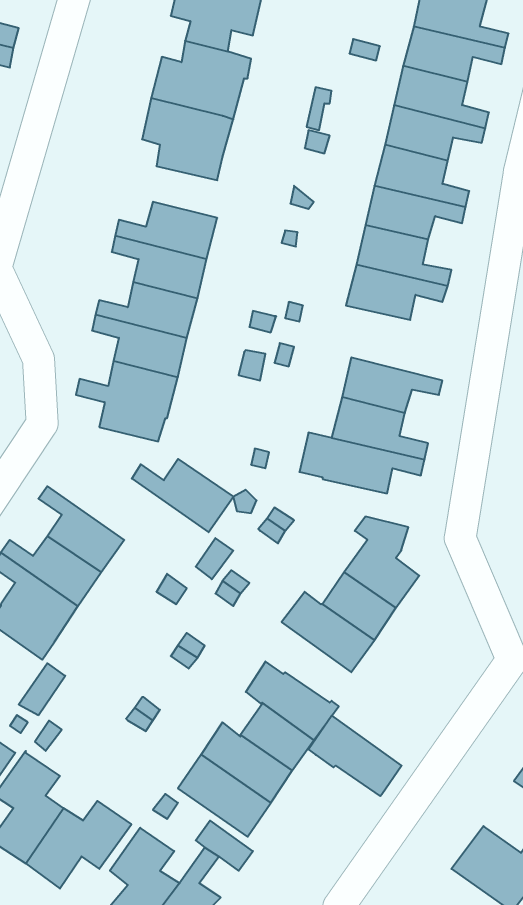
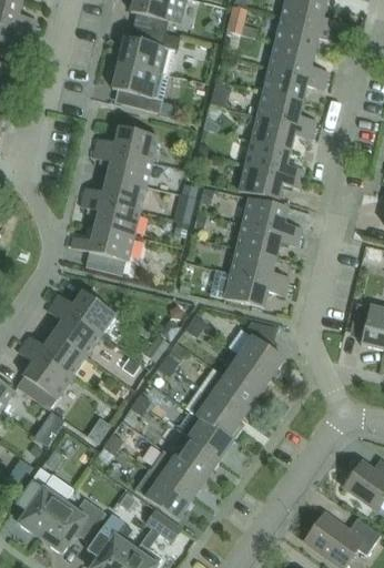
building: none -> [242,196,301,236]
building: [132,459,234,532] -> [53,290,117,335]
building: [309,716,402,796] -> [184,386,242,436]

